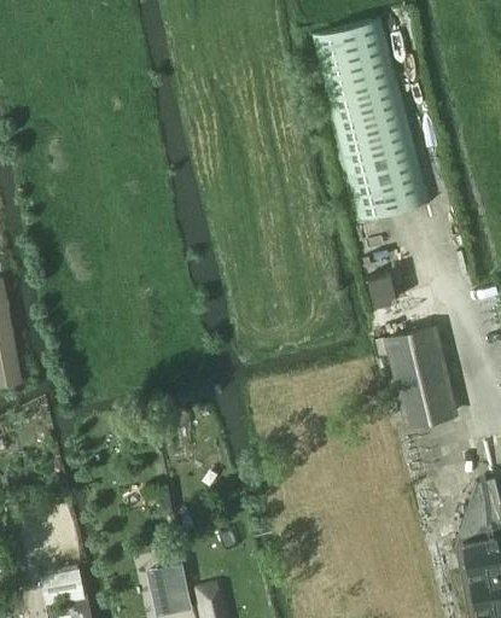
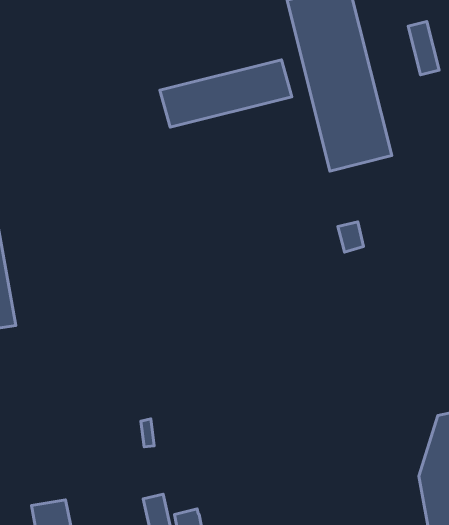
building: none -> [408,21,439,75]
building: none -> [160,60,292,127]
building: [384,330,458,430] -> none

